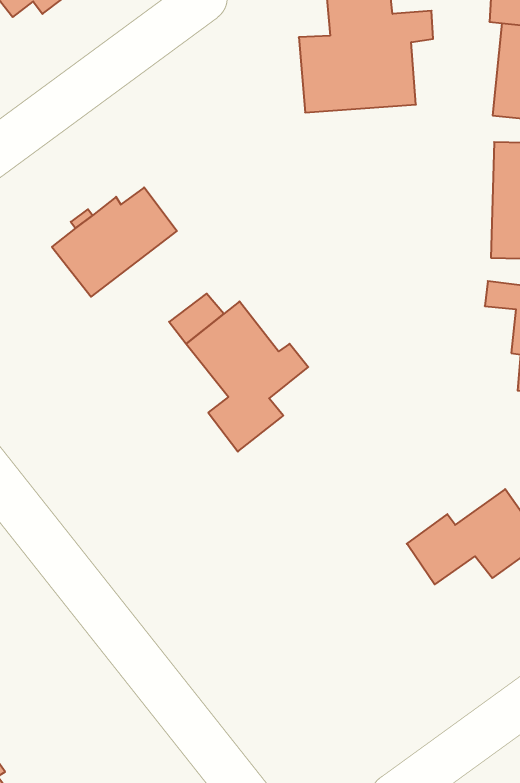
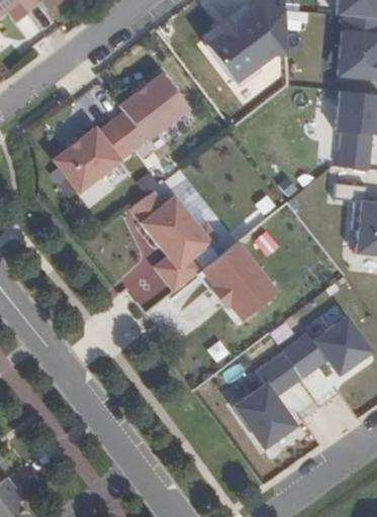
building: none -> [113,73,189,149]
building: none -> [202,242,277,320]
building: none -> [122,260,173,311]
building: none -> [234,352,301,447]

